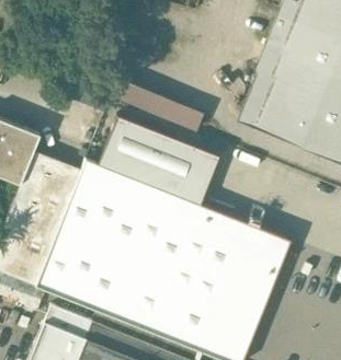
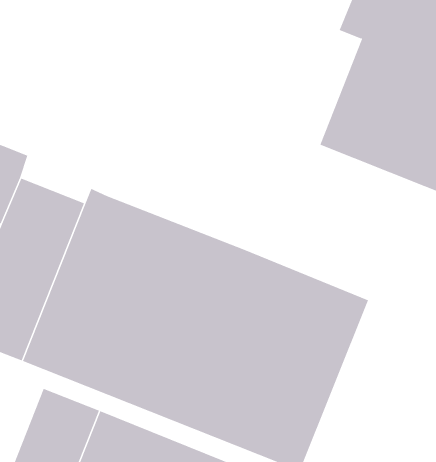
building: [237,43,284,127] -> none
building: [118,81,204,130] -> none
building: [98,116,218,204] -> none

